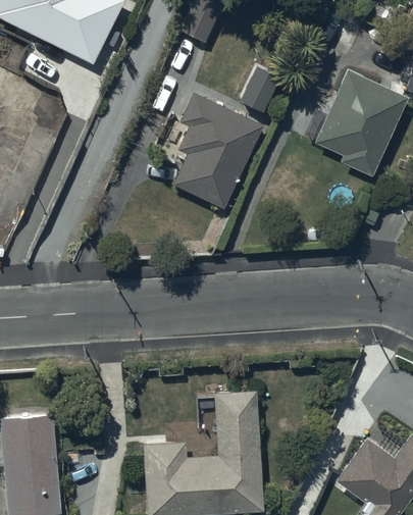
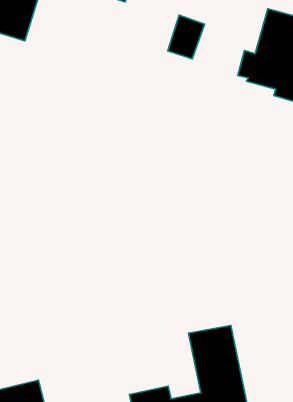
building: [172,92,264,210] -> none

